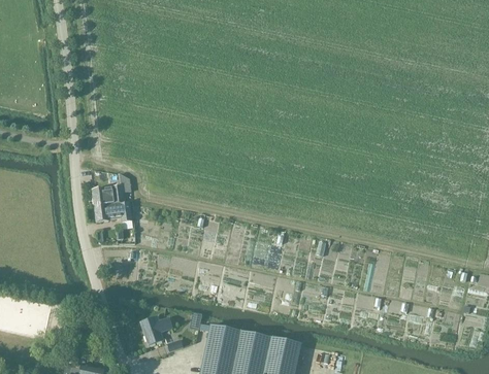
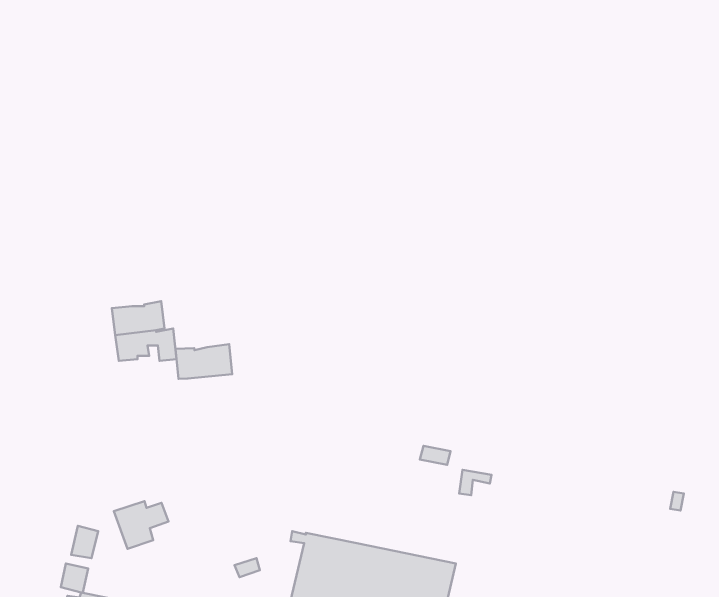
building: none -> [176,344,232,379]
building: [140,316,173,345] -> [114,501,168,549]

